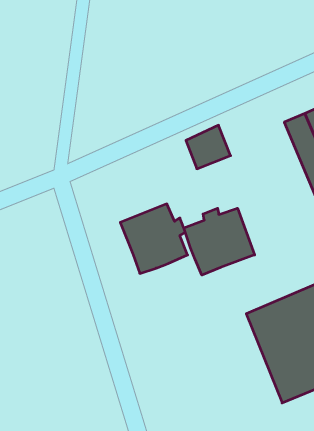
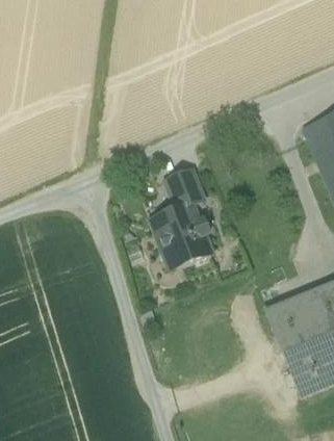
building: [186,125,231,169] -> [161,170,204,211]
building: [184,208,255,275] -> none

